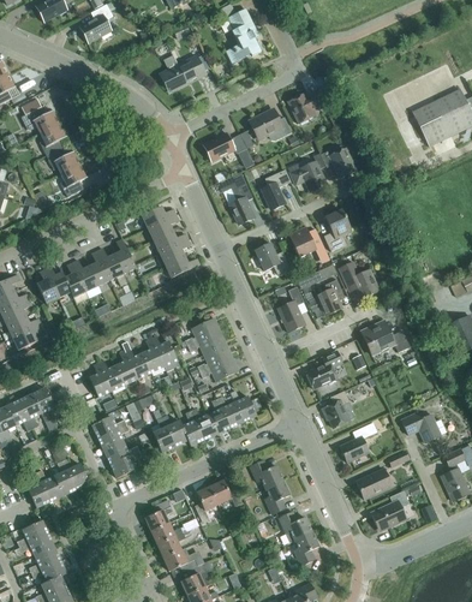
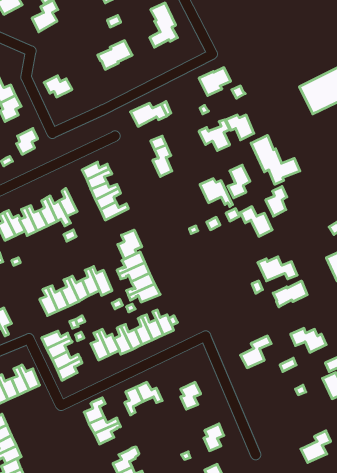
building: [250,108,292,139] -> none
building: [46,147,80,173] -> [44,76,72,97]
building: [262,168,291,209] -> none
building: none -> [251,135,300,184]
building: [255,242,291,273] -> none
building: [316,278,342,315] -> [266,186,287,216]
building: [277,286,305,332] -> none
building: none -> [118,230,142,259]
building: [305,350,342,388] -> none
building: none -> [273,281,307,307]
building: [322,389,354,427] -> none
building: [250,459,282,488] -> none
building: [356,467,392,499] -> none
building: [372,489,410,529] -> [301,431,331,463]
building: [279,511,312,540] -> none
building: [163,547,204,572] -> none

